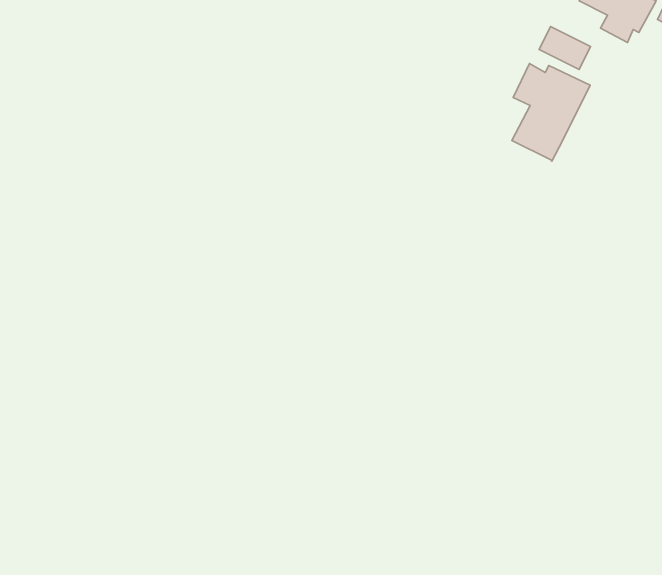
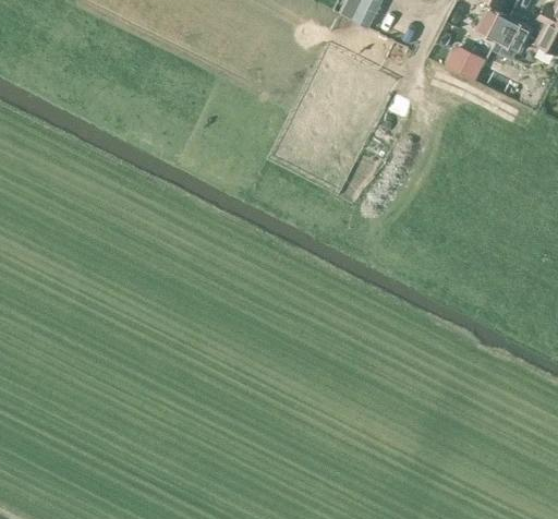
building: [512,64,590,161] -> none

